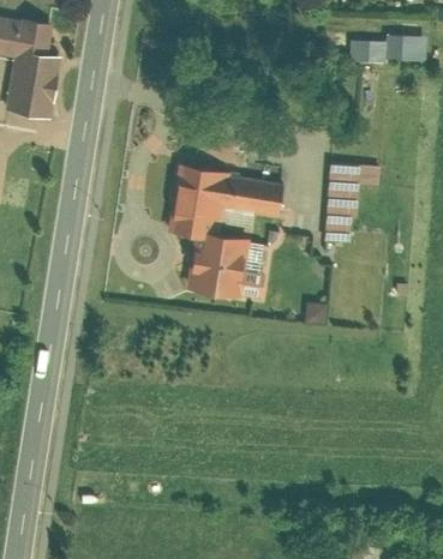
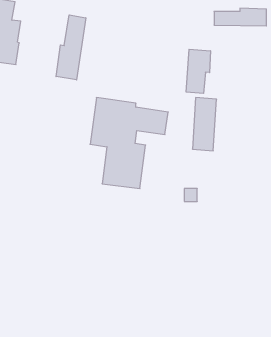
building: none -> [56,15,86,80]
building: none -> [186,49,210,93]

